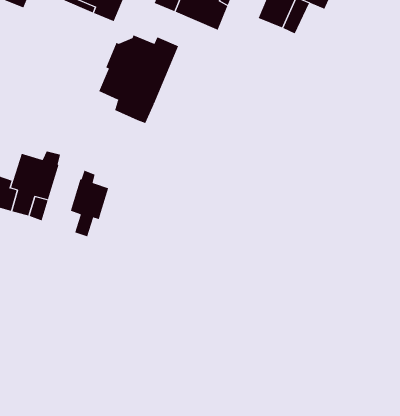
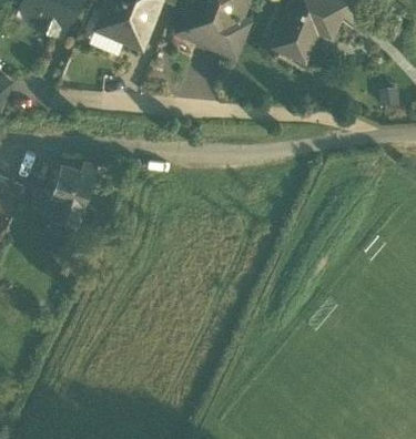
building: [98,35,179,124] -> none
building: [70,170,109,237] -> none

